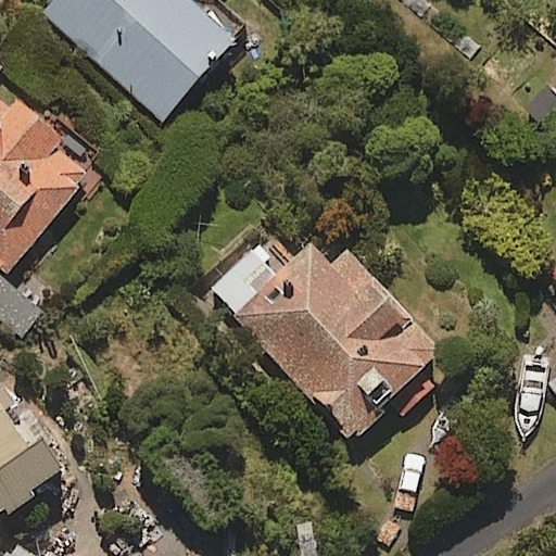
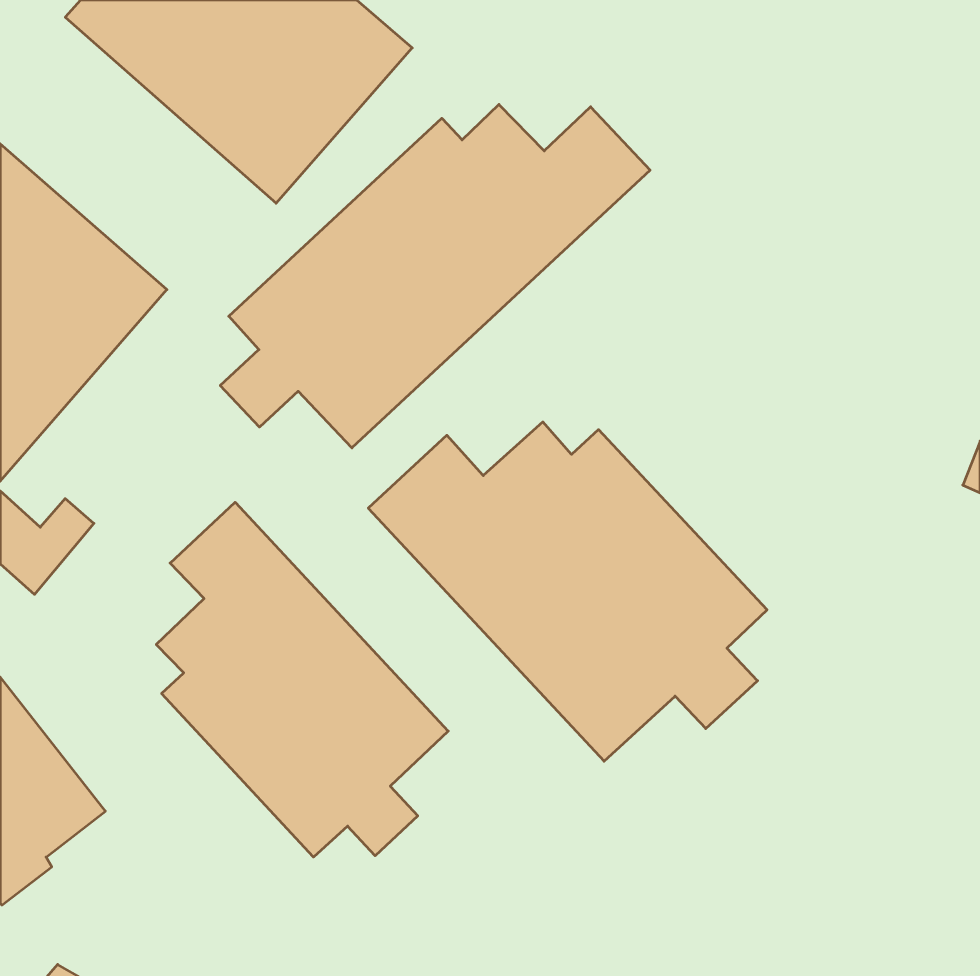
building: none -> [220,104,650,448]
building: none -> [156,502,448,857]

